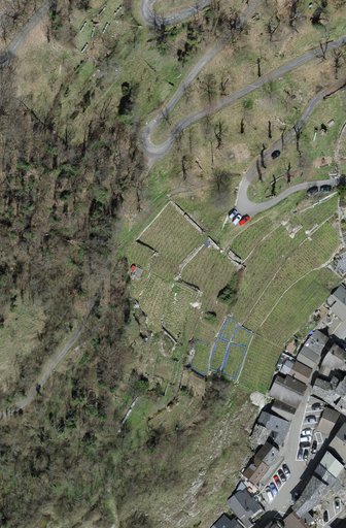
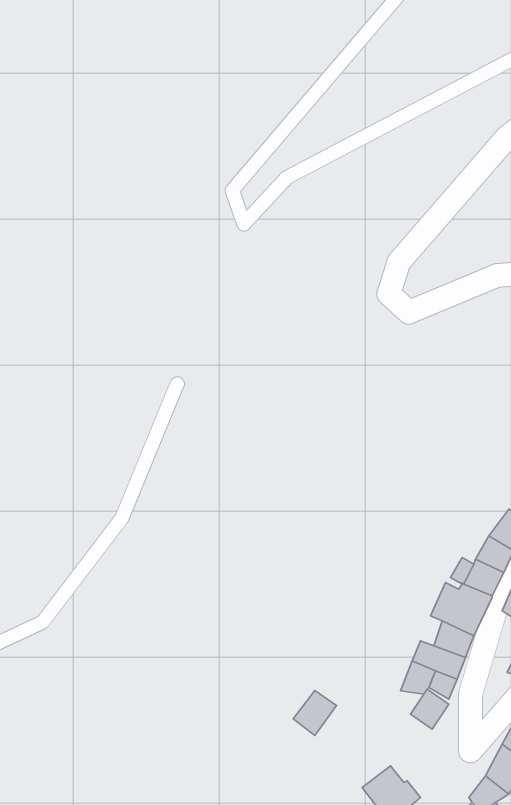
building: [243,456,270,484] -> [293,690,336,736]

